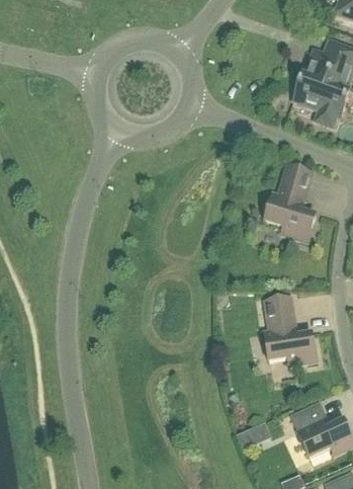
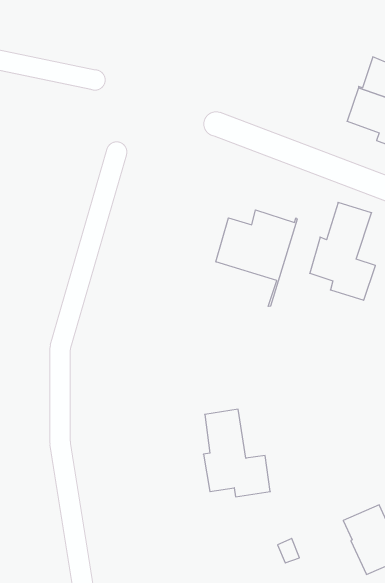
building: none -> [216,210,297,306]
building: [263,296,316,364] -> [203,409,270,497]

